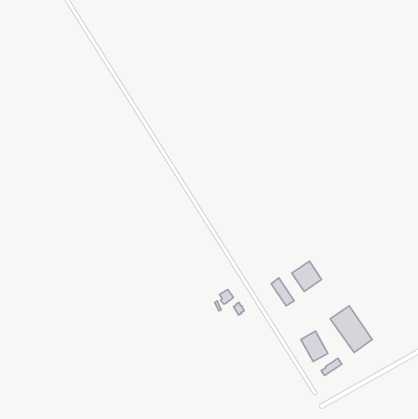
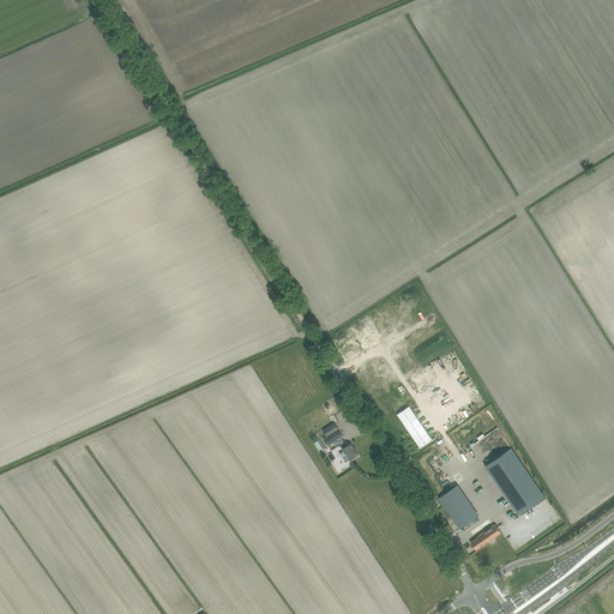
building: [292,261,322,291] -> none

